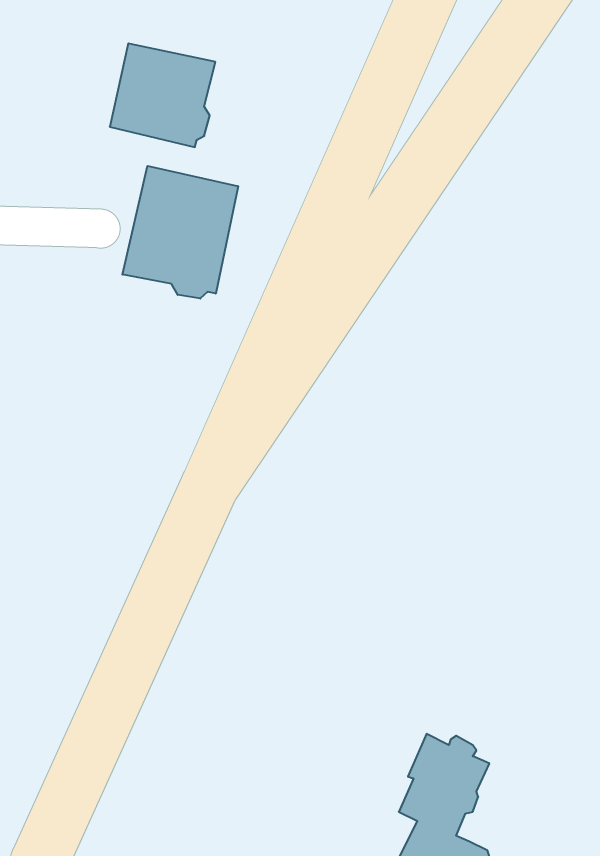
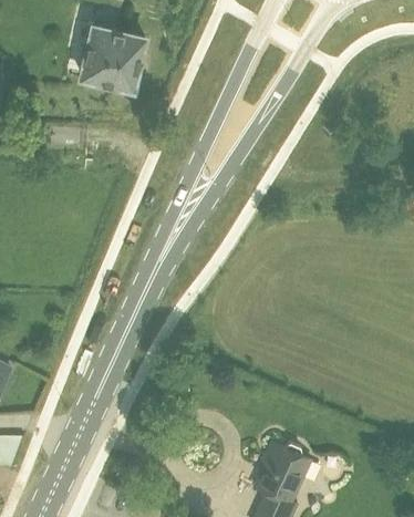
building: [122,166,238,299] -> none

